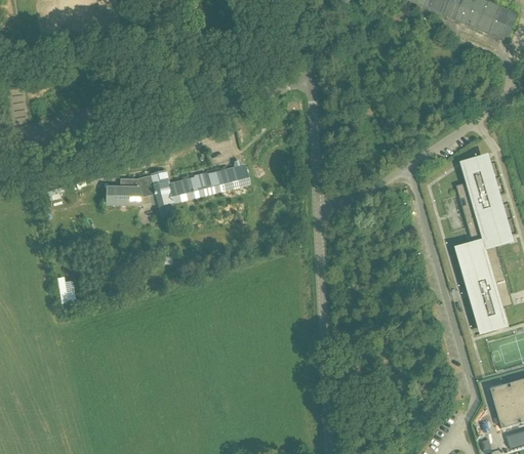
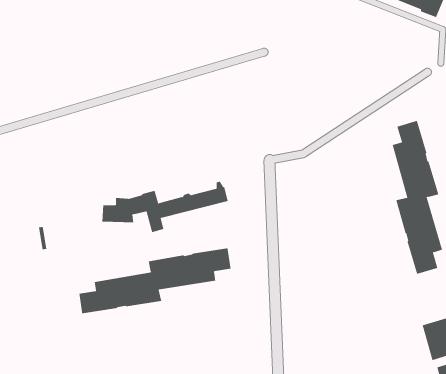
building: [105,158,248,216] -> [102,181,229,233]
building: none -> [79,247,231,314]

